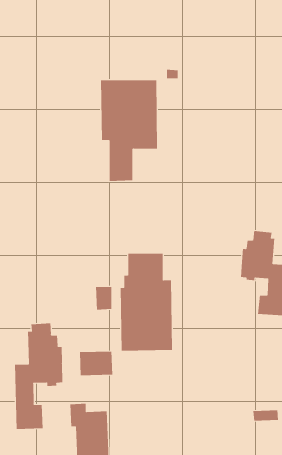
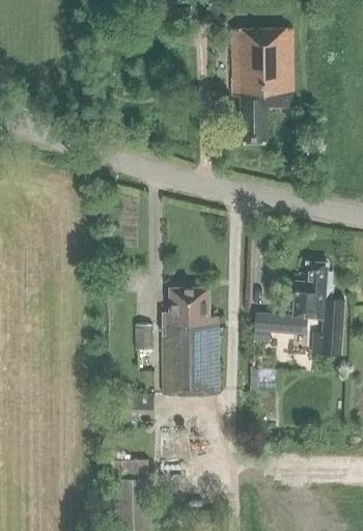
building: [100,80,158,181] -> [231,31,295,142]
building: none -> [253,312,306,342]
building: [14,323,63,430] -> none

